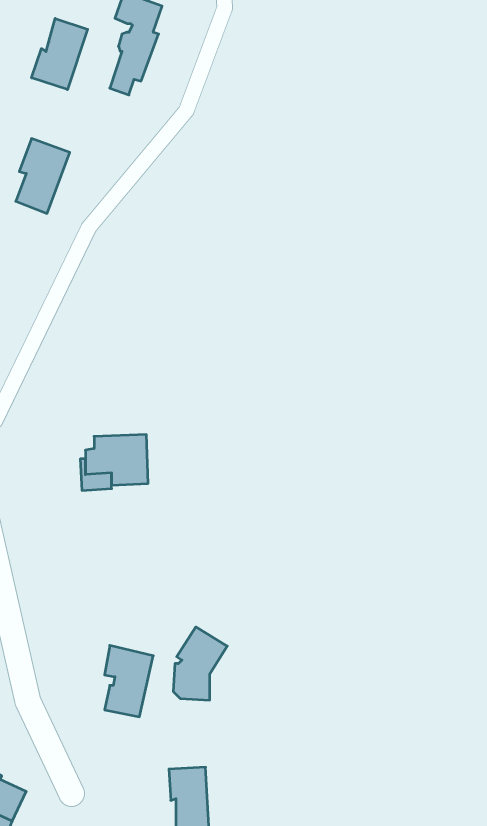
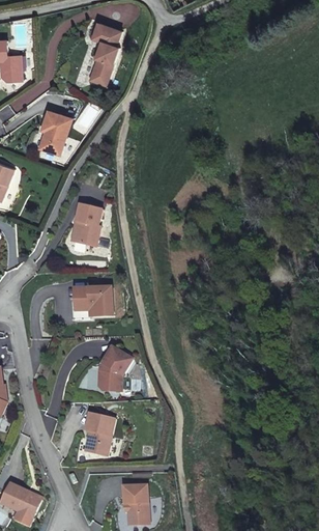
building: [32,18,88,90] -> none
building: none -> [74,204,100,247]
building: [173,627,227,700] -> [99,346,132,390]

